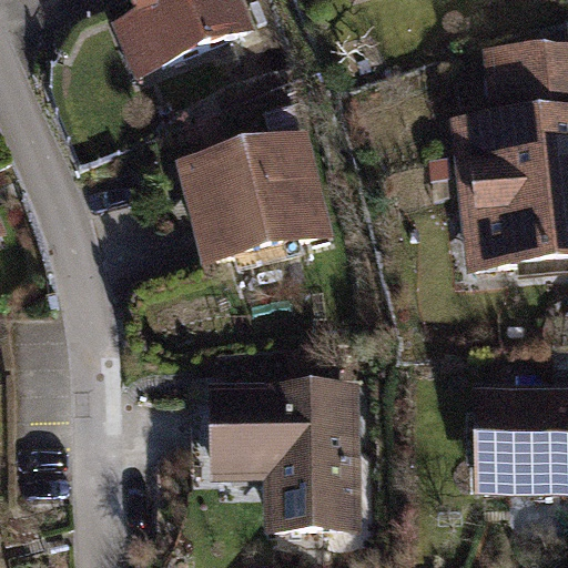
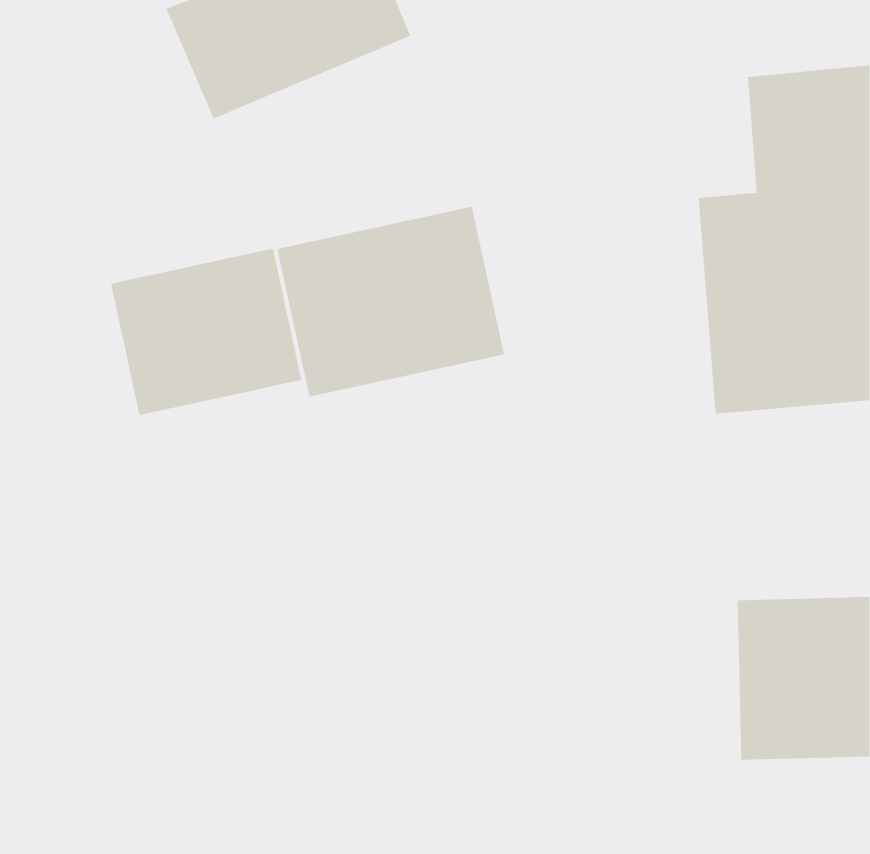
building: none -> [110,248,302,416]
building: [206,383,368,524] -> none

